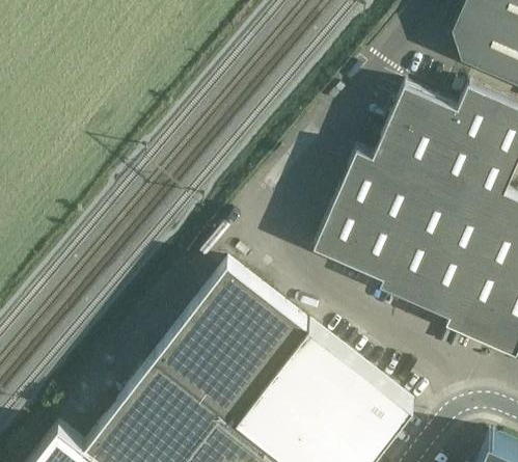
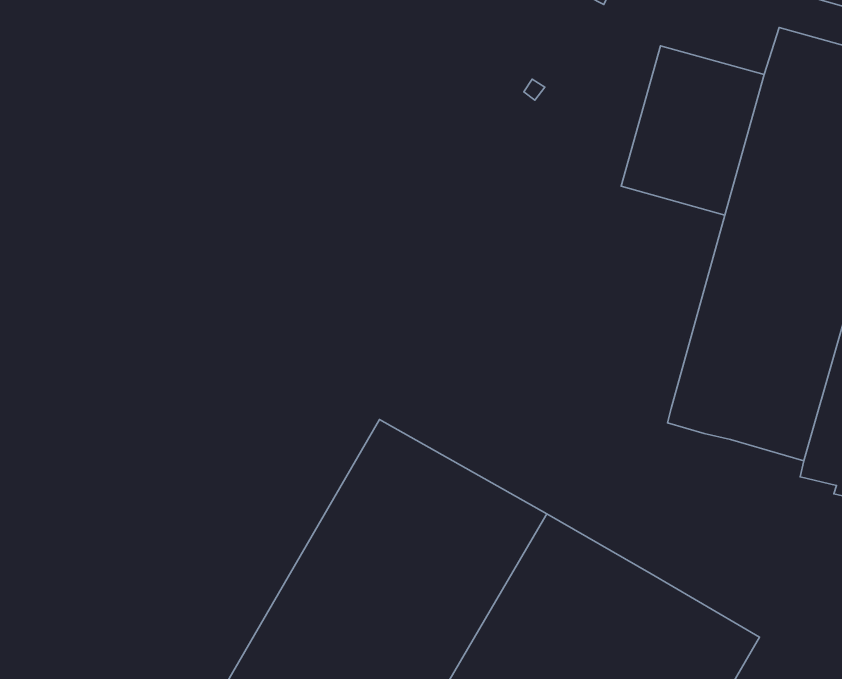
building: [315,152,427,280] -> none

